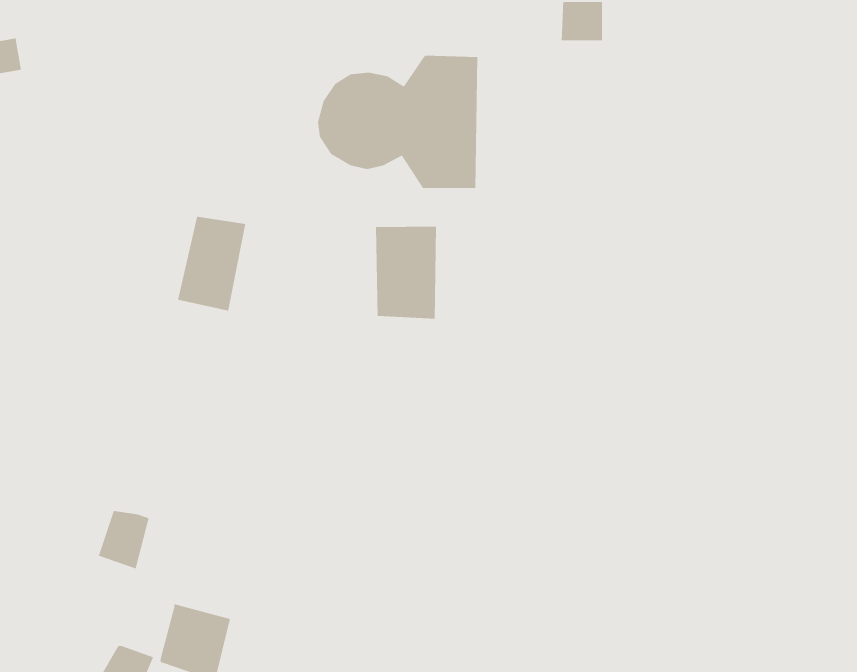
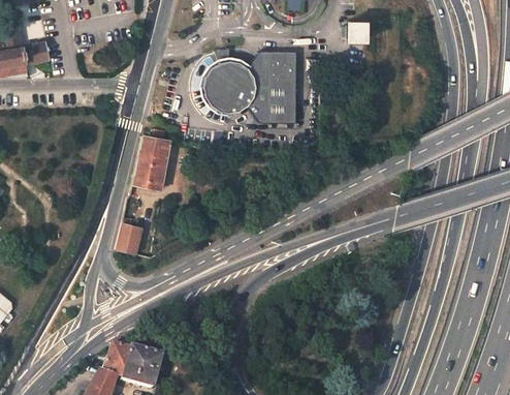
building: [375,226,437,319] -> none
building: none -> [116,223,141,254]
building: [98,510,150,570] -> [102,344,130,376]

